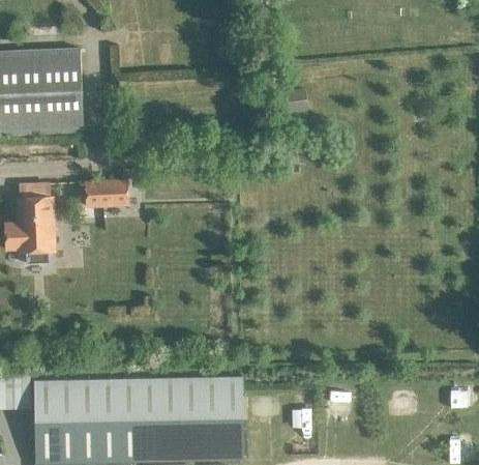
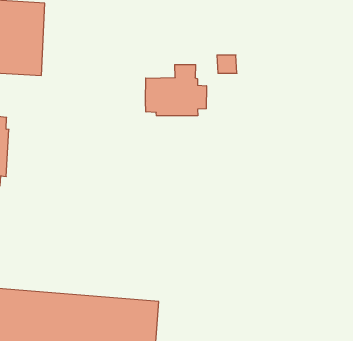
building: none -> [146,65,206,116]
building: [86,179,128,206] -> none

